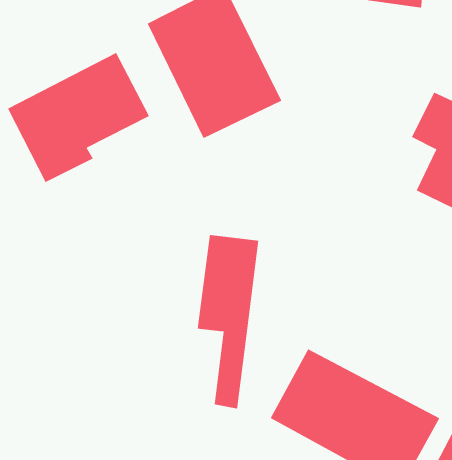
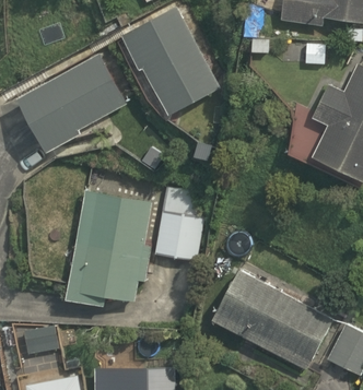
building: none -> [70,185,147,307]

